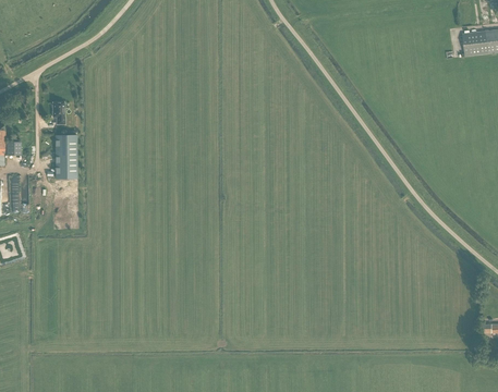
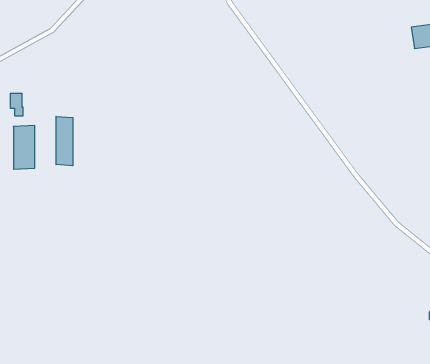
building: none -> [56,116,73,166]

